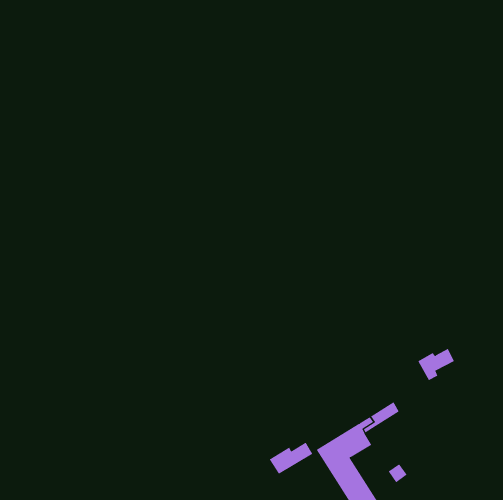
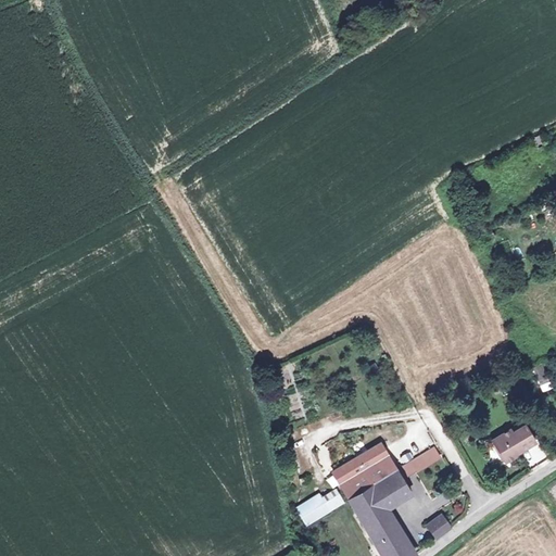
building: [418,348,455,381] -> [493,427,534,463]
building: none -> [332,444,396,500]

